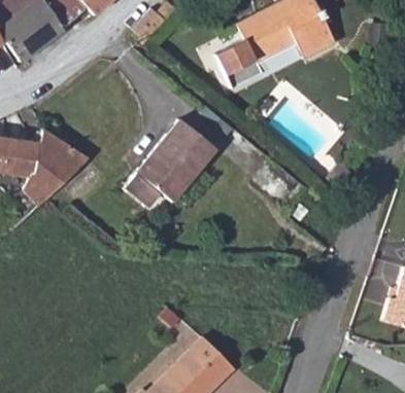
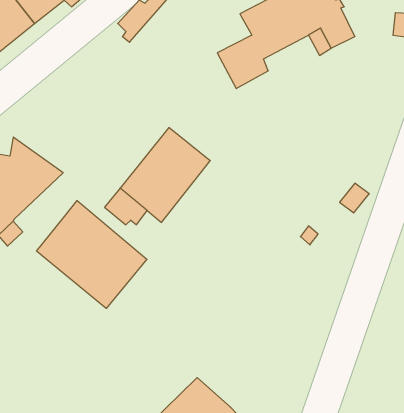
building: none -> [37,201,147,308]

